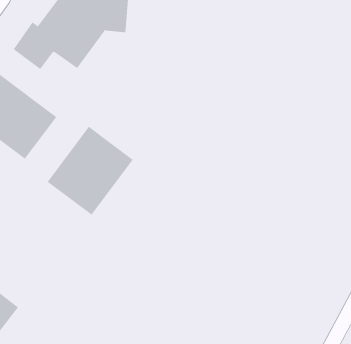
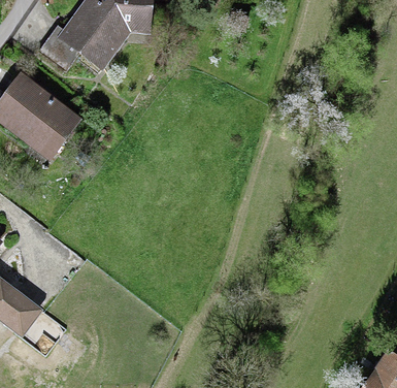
building: [47,126,134,215] -> none

